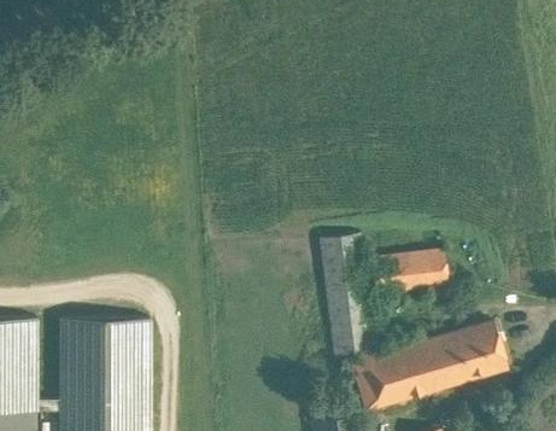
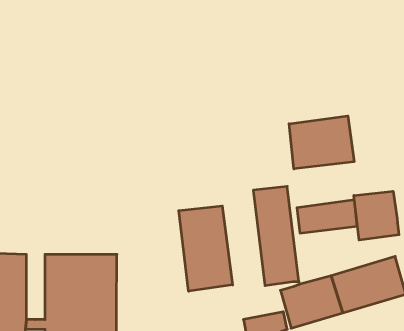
building: none -> [289,116,354,169]
building: none -> [354,191,399,240]
building: none -> [179,206,233,291]

